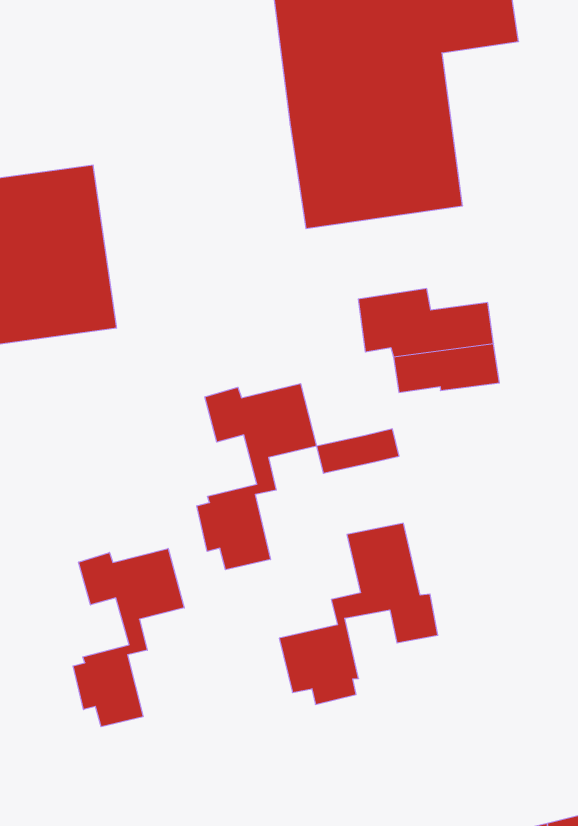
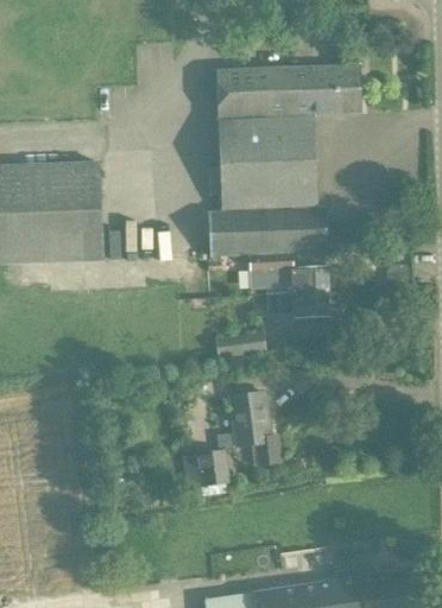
building: none -> [210,205,328,254]
building: [197,384,317,570] -> none
building: [73,548,184,727] -> none

